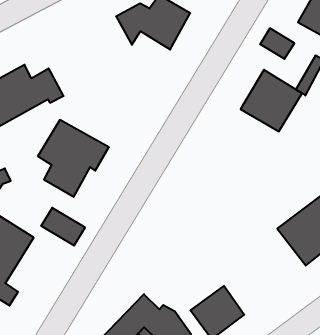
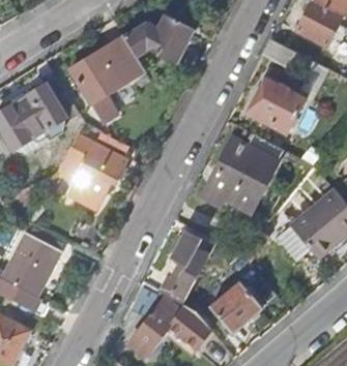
building: none -> [69,36,151,118]
building: none -> [205,138,279,211]
building: none -> [161,231,207,303]

